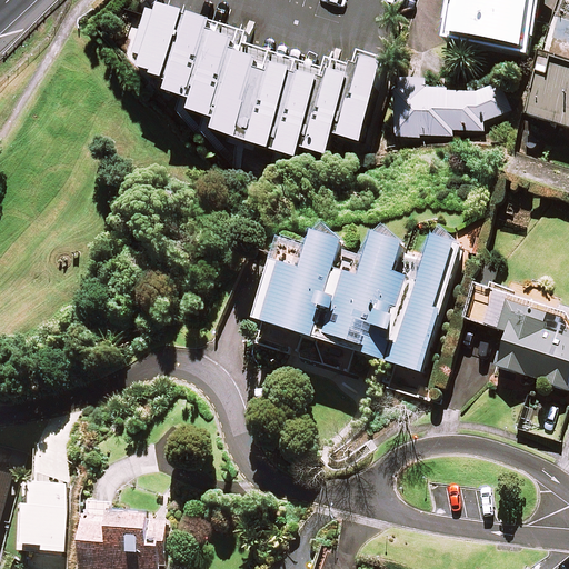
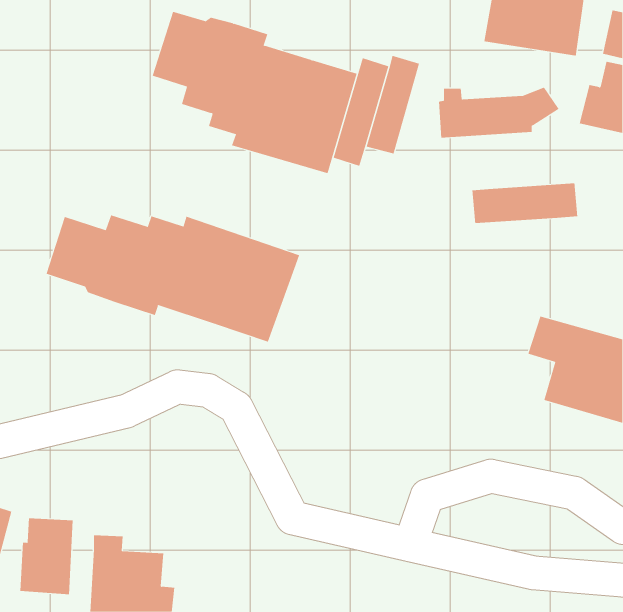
building: none -> [472,183,578,224]
building: none -> [46,214,300,343]
building: [250,234,460,371] -> none

